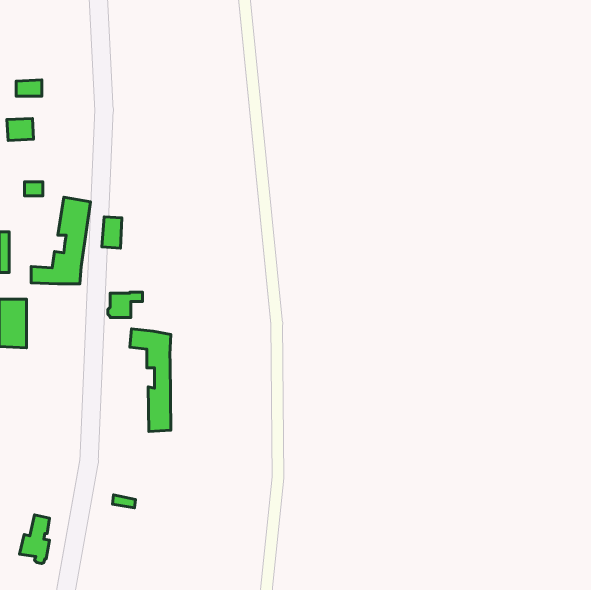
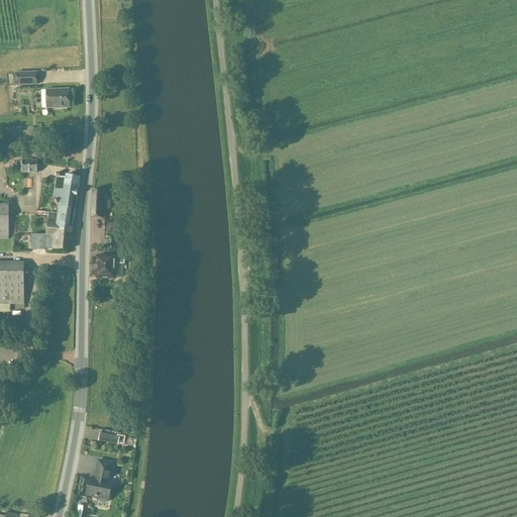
building: [7,118,34,140] -> [45,88,69,107]
building: [130,329,171,431] -> none
building: [19,515,50,563] -> [85,458,111,501]

